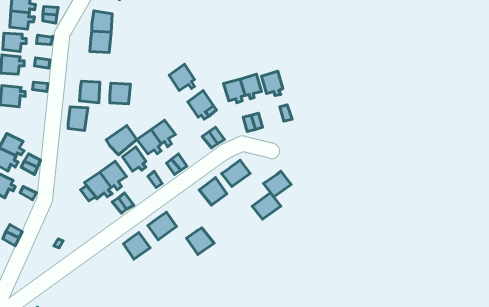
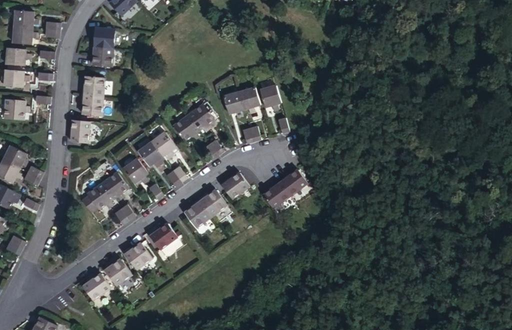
building: [169,64,195,91] -> [172,115,197,141]
building: [110,83,130,104] -> [83,76,103,96]
building: [106,125,137,155] -> none
building: [252,193,281,219] -> [278,170,306,196]
building: [187,228,214,254] -> [183,201,210,227]
building: none -> [103,259,130,285]
building: none -> [81,273,109,300]

